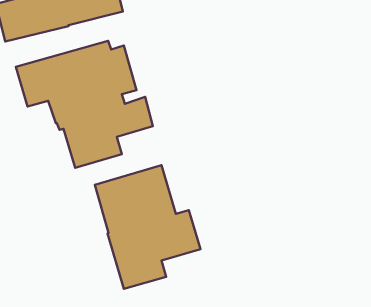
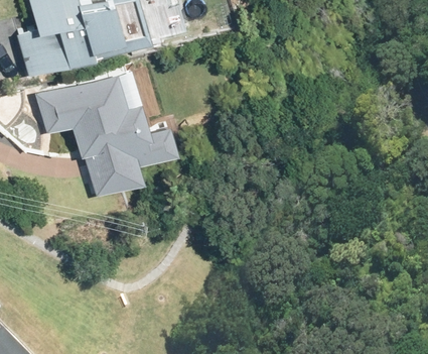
building: [95,165,201,289] -> none

